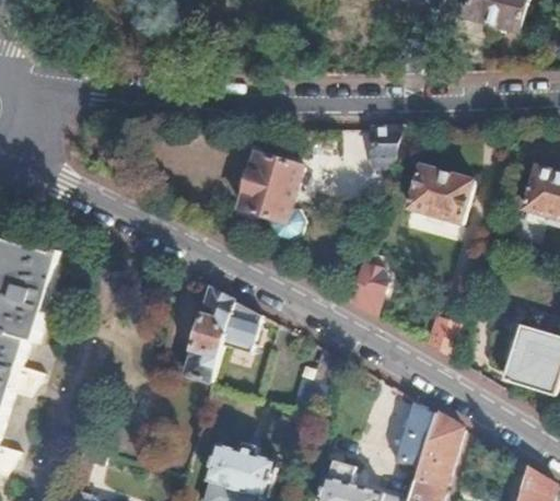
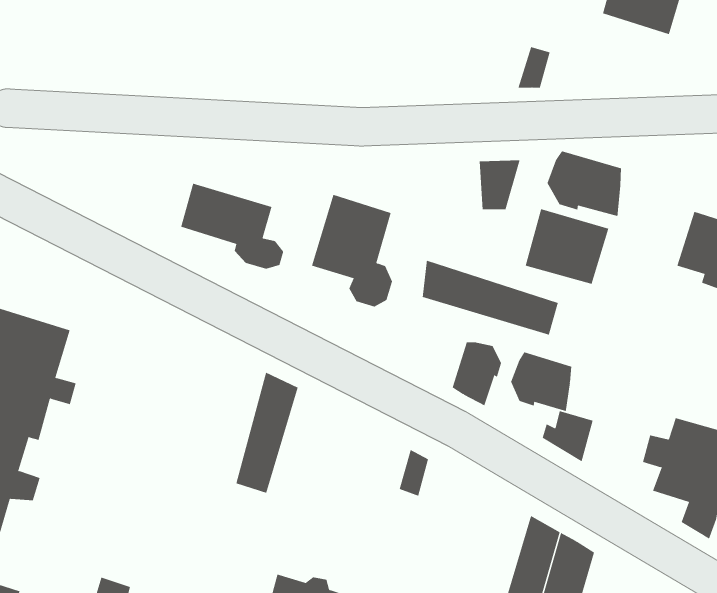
building: none -> [547,150,621,217]
building: none -> [180,183,284,270]
building: none -> [422,260,558,336]
building: none -> [510,351,572,412]
building: [221,300,259,352] -> none

